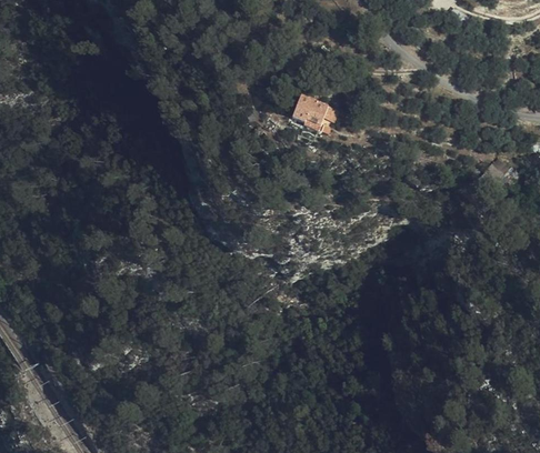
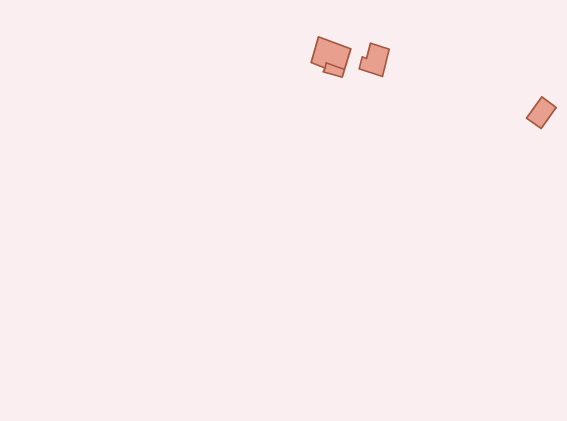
building: none -> [359,43,389,77]

